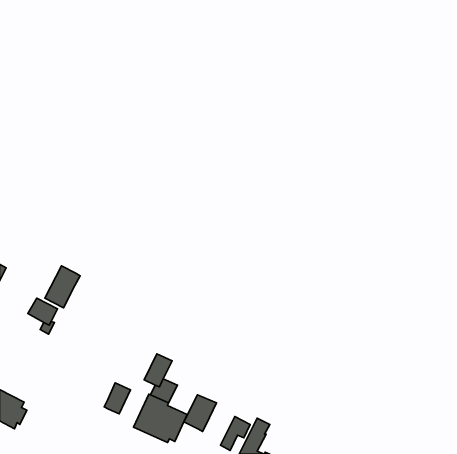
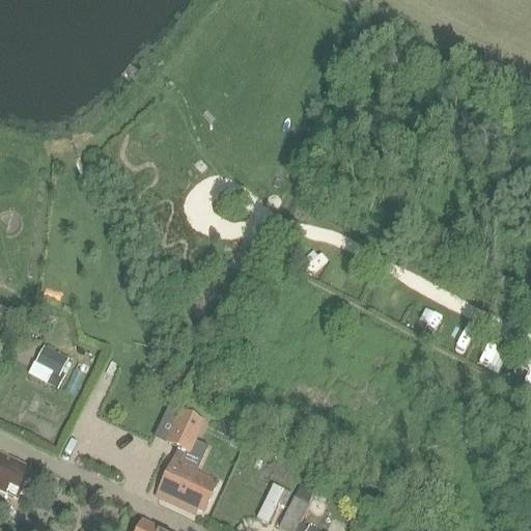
building: [45,266,80,308] -> none
building: [104,383,130,414] -> none
building: [184,395,216,431] -> none

